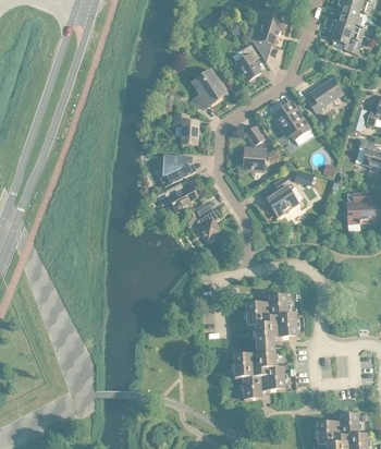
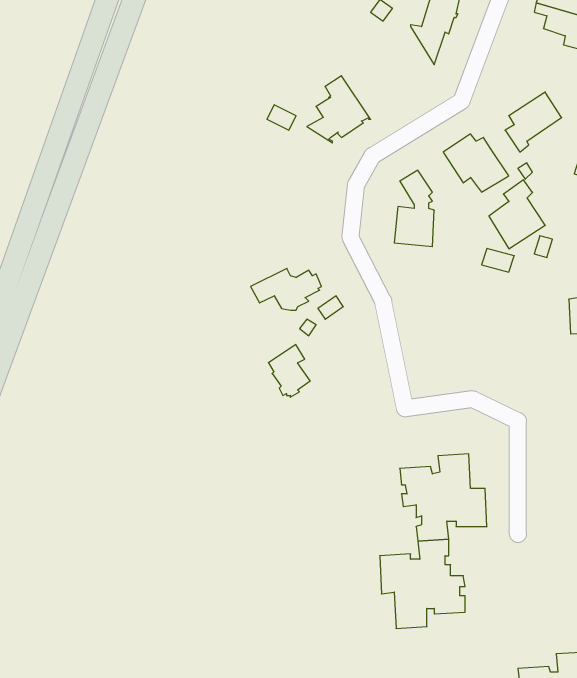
building: [236,43,261,80] -> none
building: [173,112,199,145] -> none
building: [160,154,195,185] -> none
building: [265,174,298,216] -> [489,180,545,249]
building: [196,209,221,241] -> [268,345,310,397]

